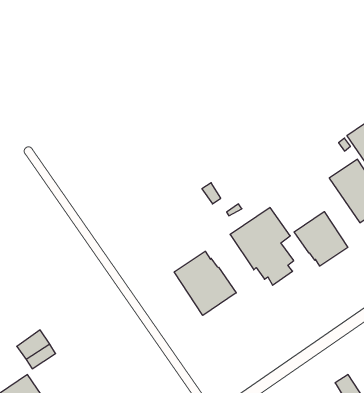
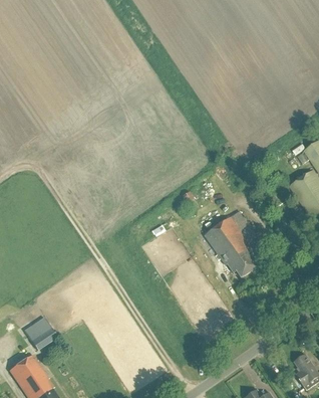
building: [294,212,348,266] -> none
building: [174,251,236,315] -> none

